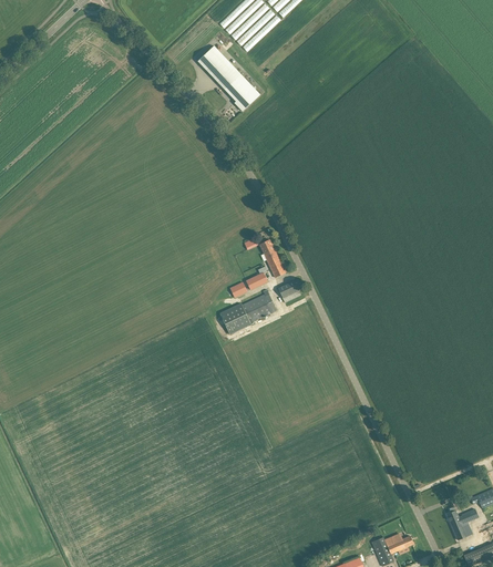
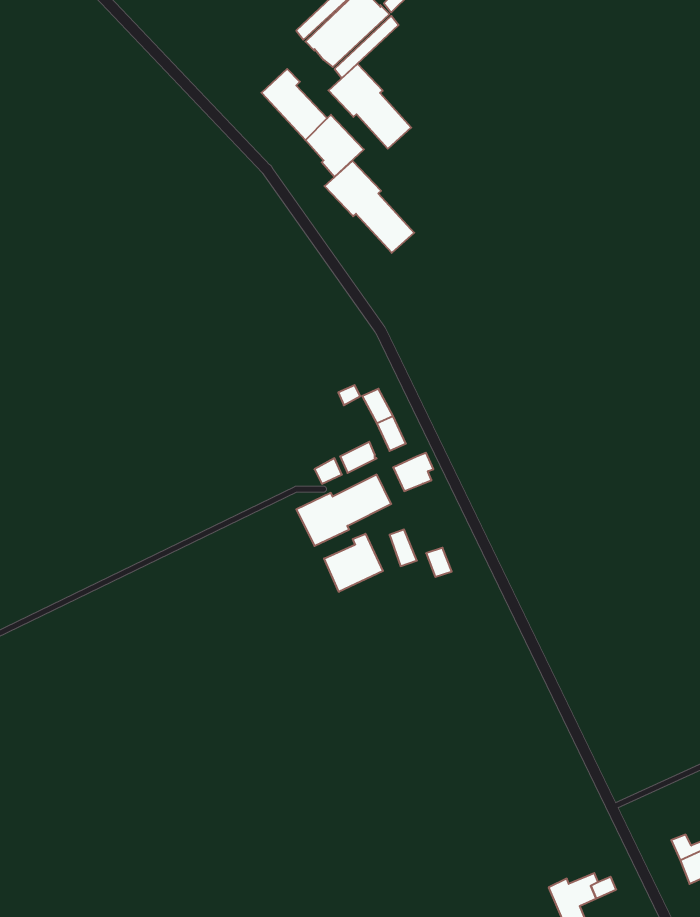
building: none -> [328,64,411,149]
building: none -> [324,161,414,253]
building: none -> [324,534,383,592]

